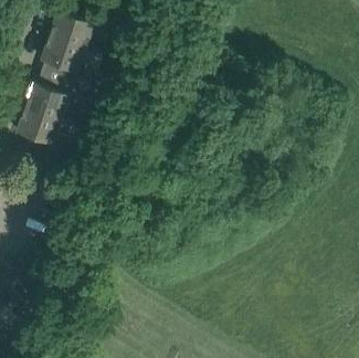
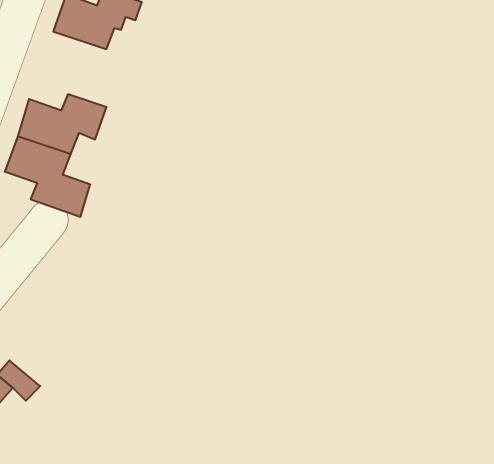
building: [40,35,89,87] -> none

